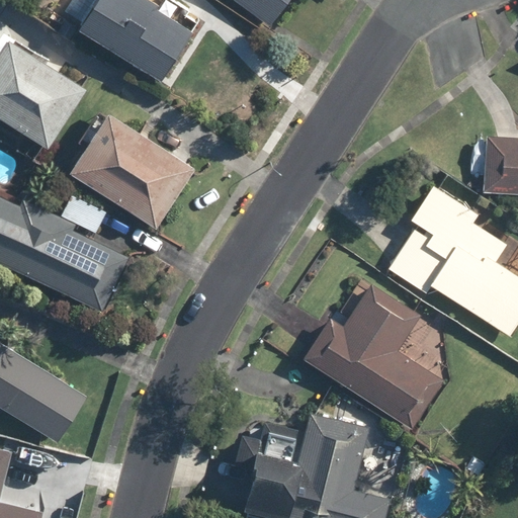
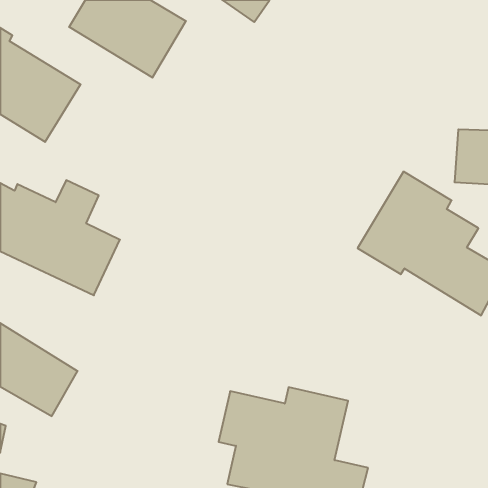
building: [66,112,192,228] -> none
building: [299,282,443,429] -> none

